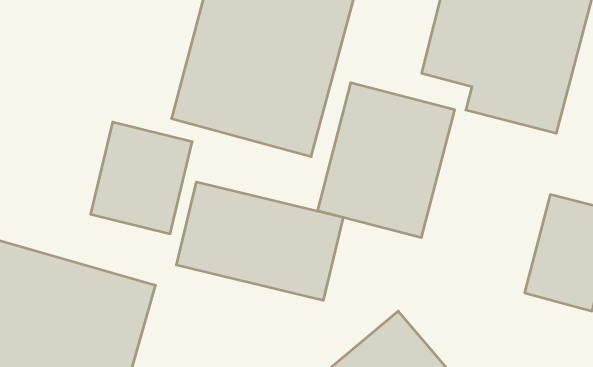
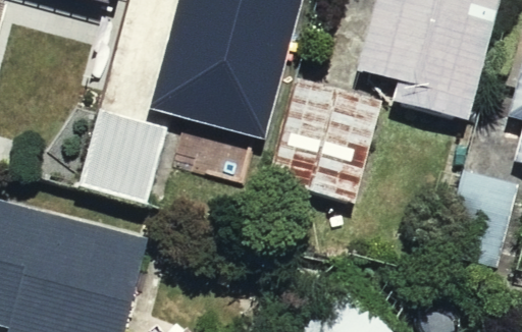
building: [176,182,343,300] -> none

